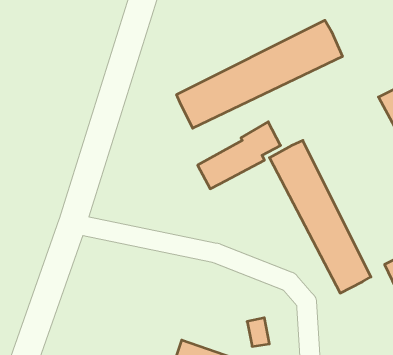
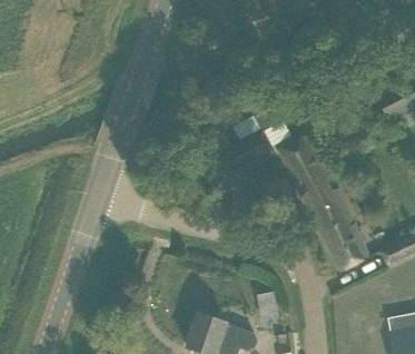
building: [177,20,342,128] -> none

